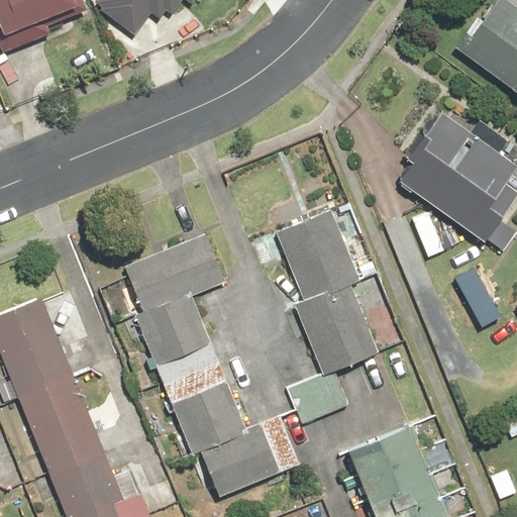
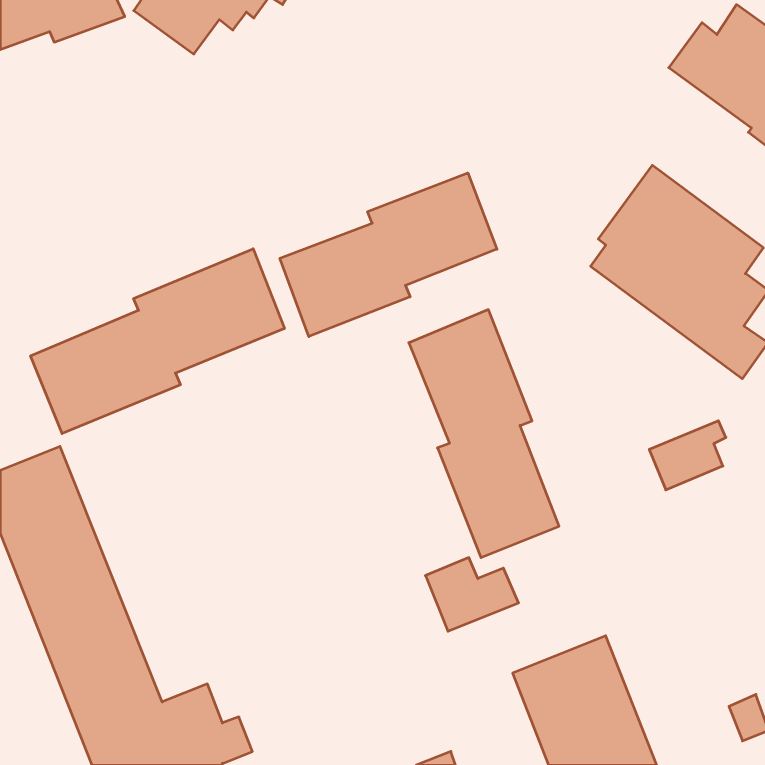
building: none -> [280,173,497,337]
building: none -> [31,249,284,434]
building: [125,233,303,498] -> none

